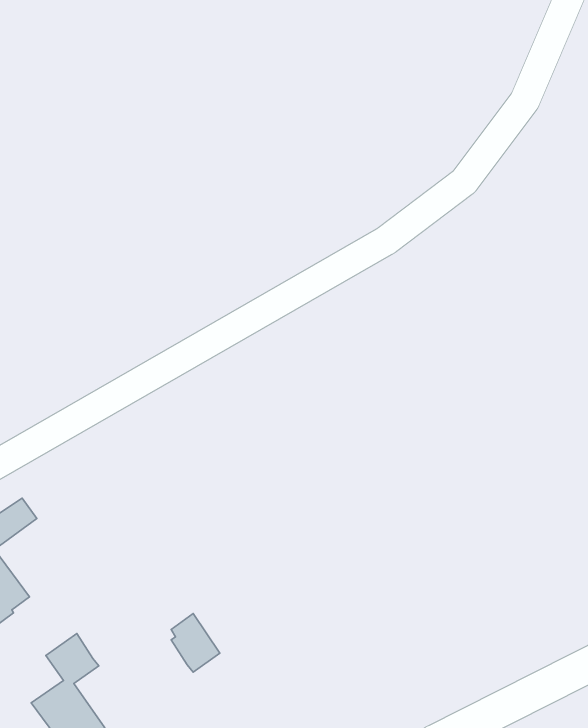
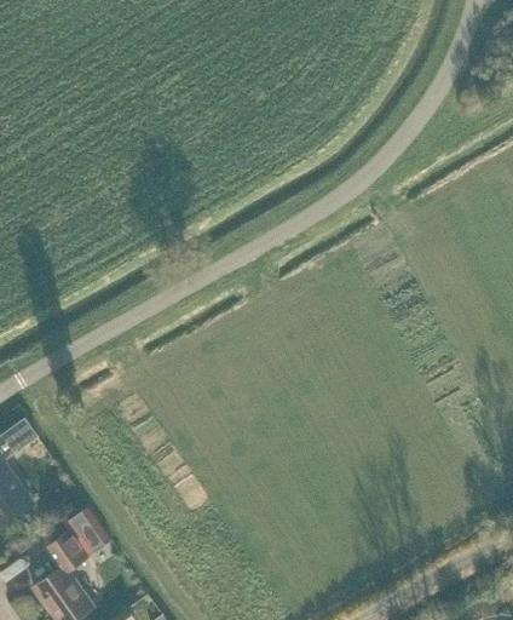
building: [171,613,220,672] -> [69,507,109,556]

